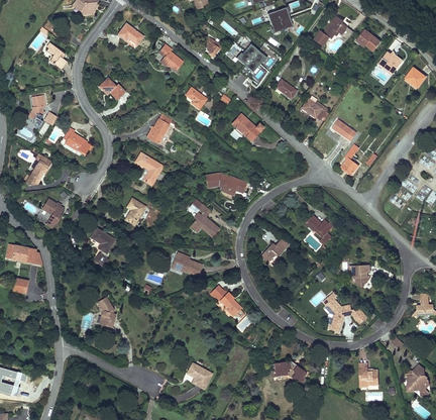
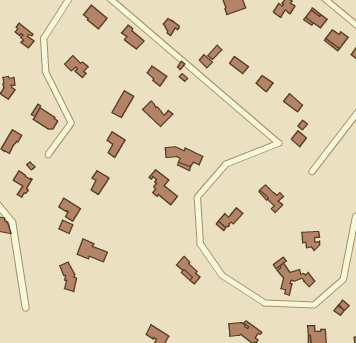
building: [236,42,264,71] -> none
building: [231,114,263,141] -> [142,101,173,127]
building: [169,251,201,276] -> [77,239,107,262]

